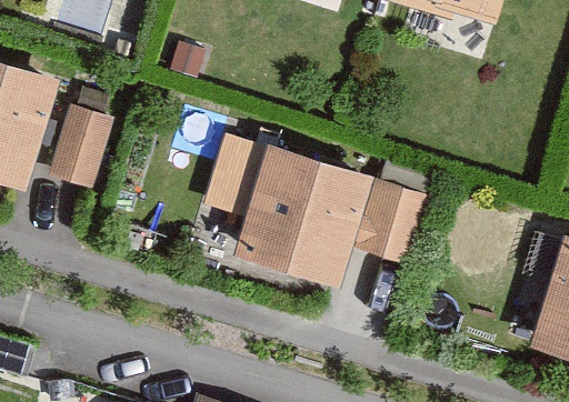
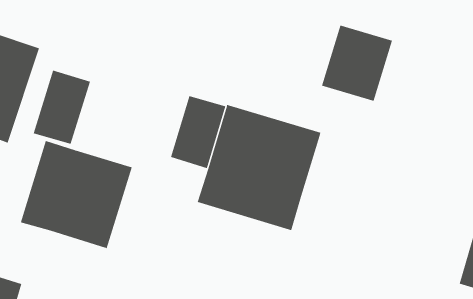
building: [352,177,433,263] -> [321,25,393,101]
building: none -> [20,140,132,249]

